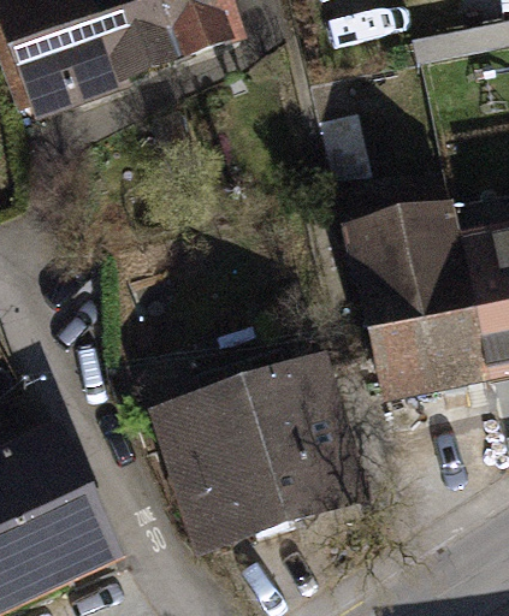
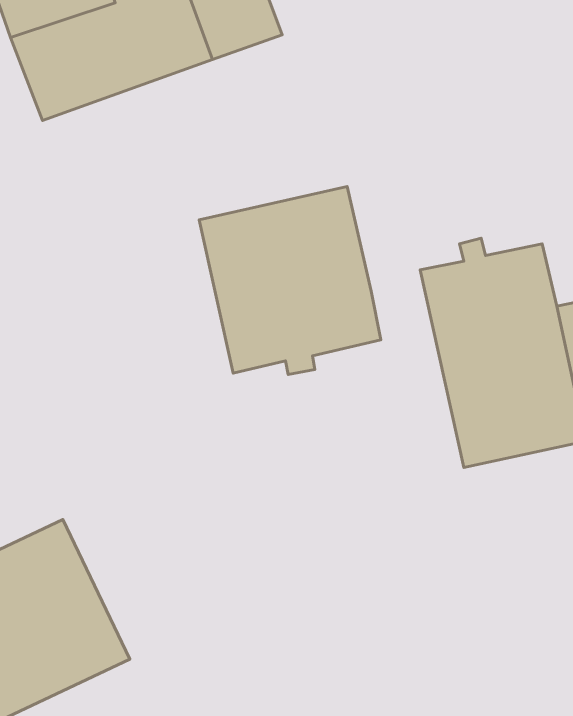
building: none -> [199,187,381,375]
building: [171,363,359,544] -> none

